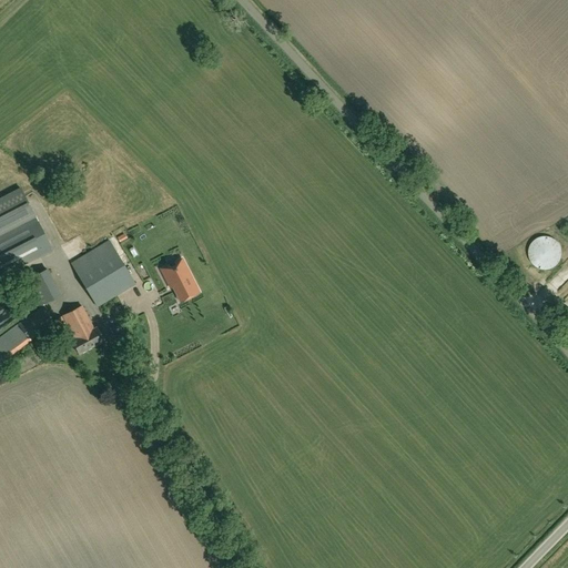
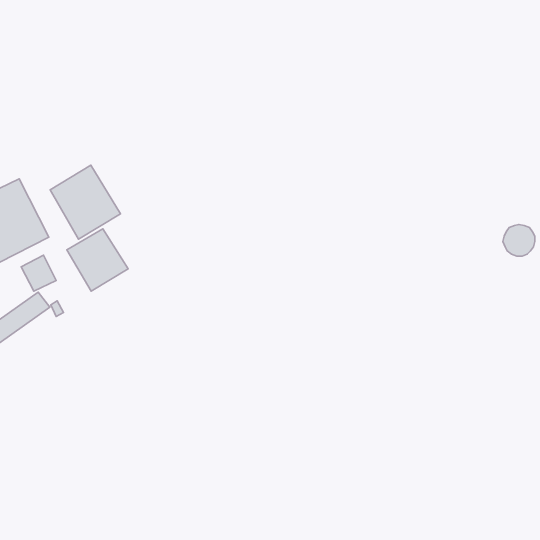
building: none -> [50,165,121,239]
building: [160,260,196,298] -> none
building: [62,304,102,352] -> none

